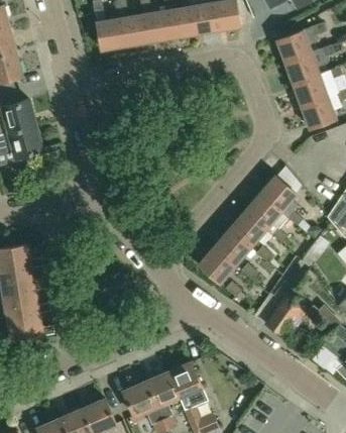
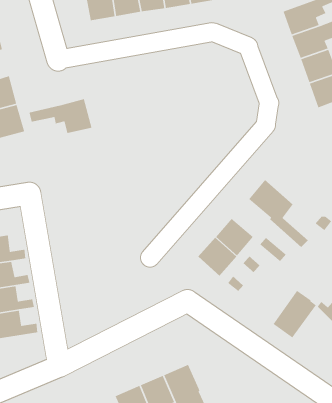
building: none -> [29,98,92,134]
building: [260,175,302,224] -> none
building: [230,211,265,245] -> none

